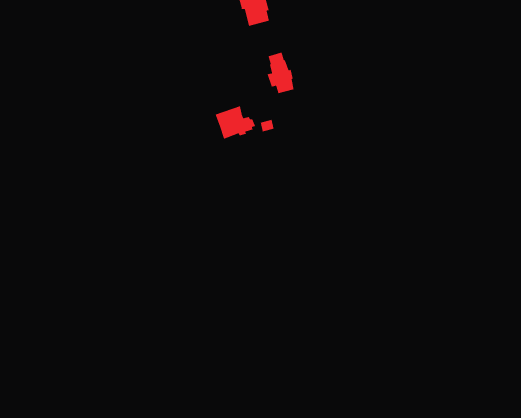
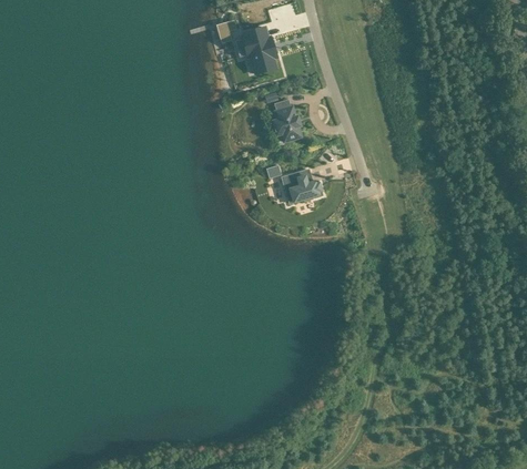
building: [215,105,256,140] -> [282,171,323,205]

